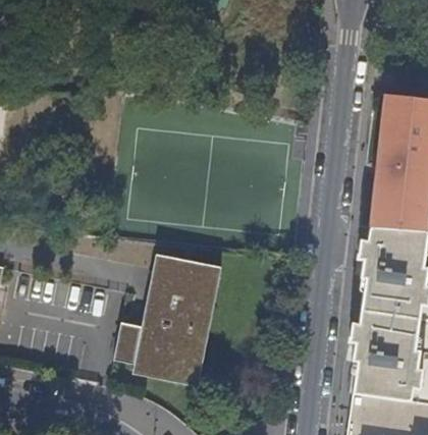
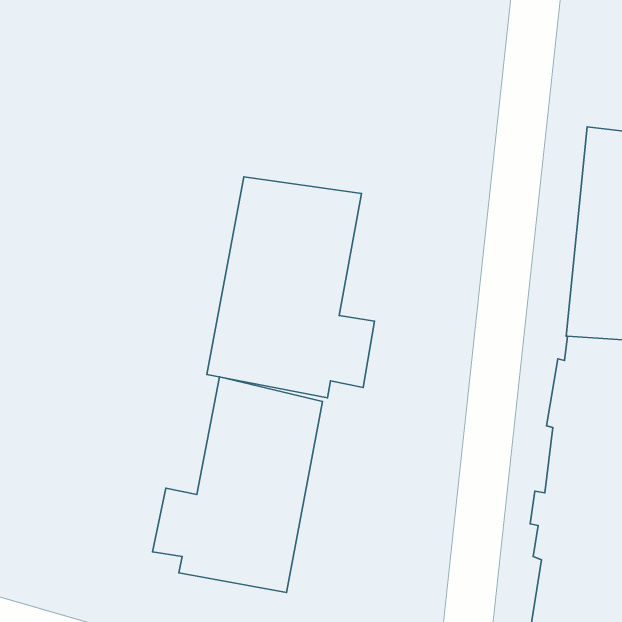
building: none -> [207,177,374,398]

